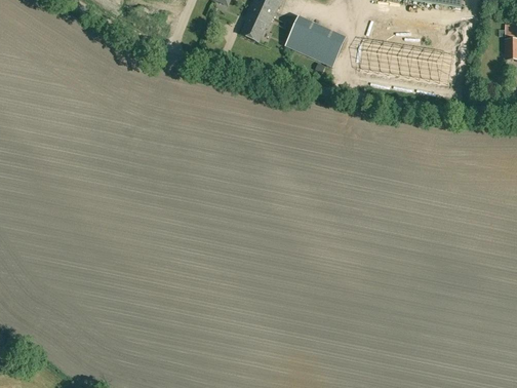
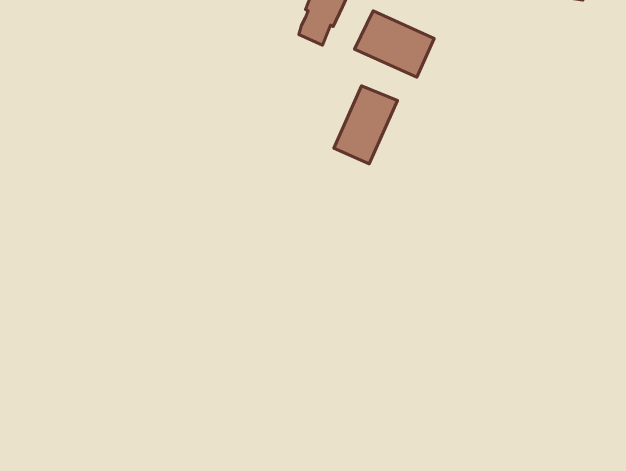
building: none -> [334,86,398,164]

